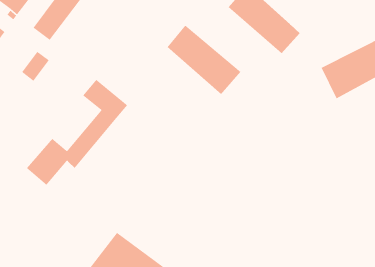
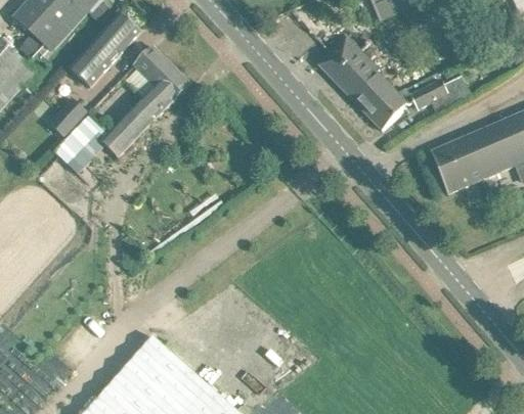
building: none -> [409,75,472,113]
building: [166,25,241,95] -> none
building: [26,79,128,186] -> [54,46,191,176]

